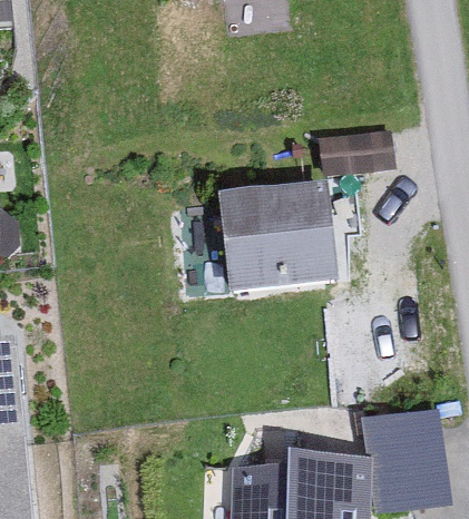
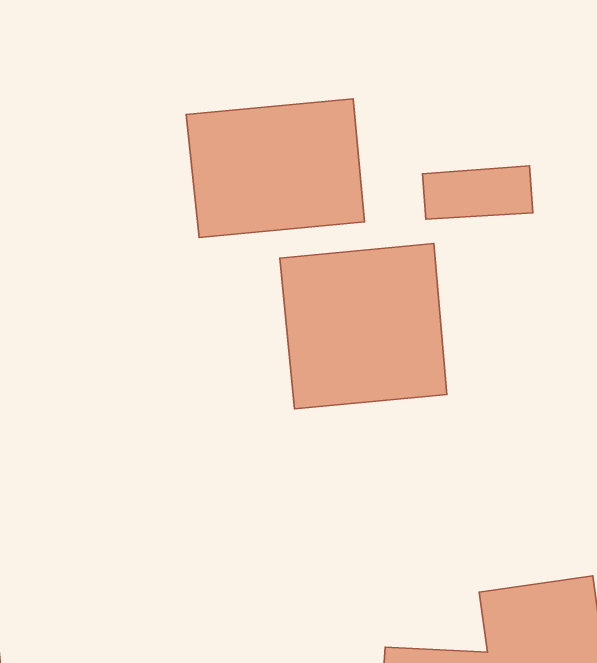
building: none -> [186,99,364,237]

